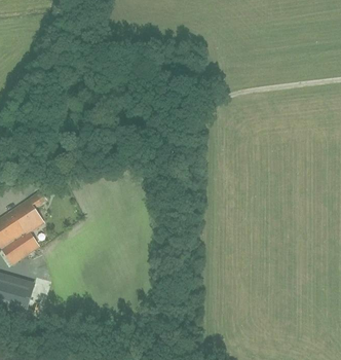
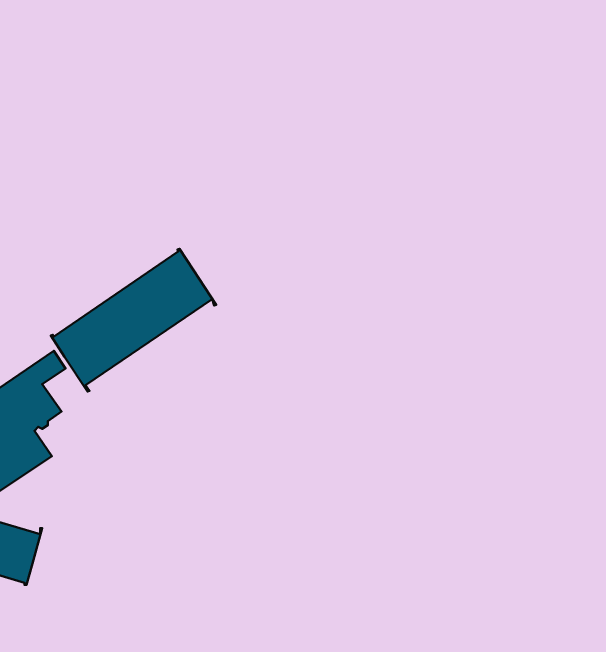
building: none -> [51,249,216,391]

